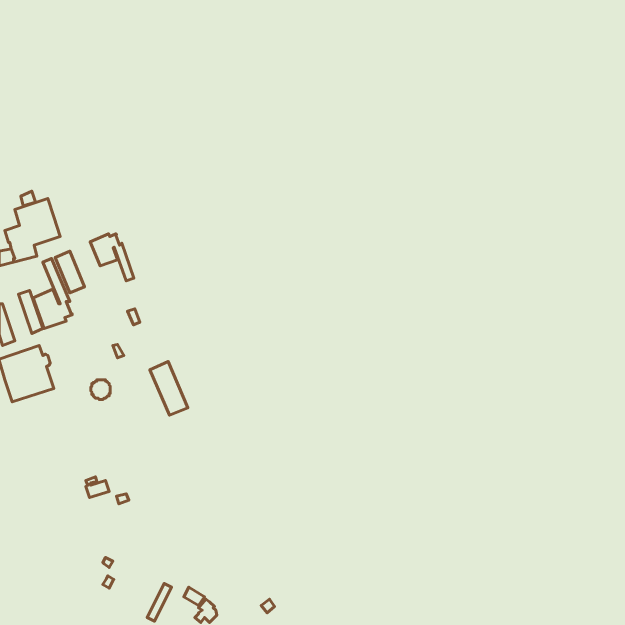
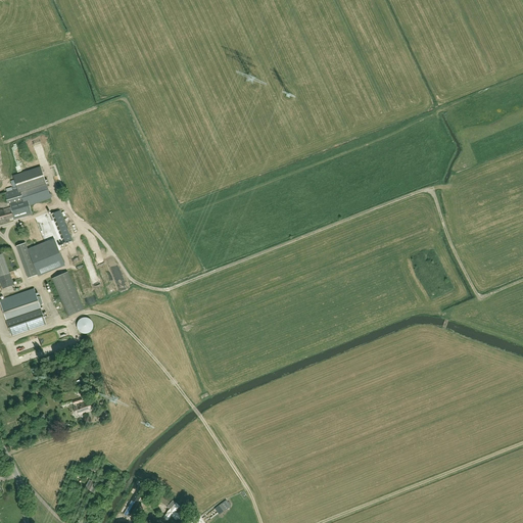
building: [90,234,134,281] -> none
building: [150,361,188,415] -> [51,271,83,316]

